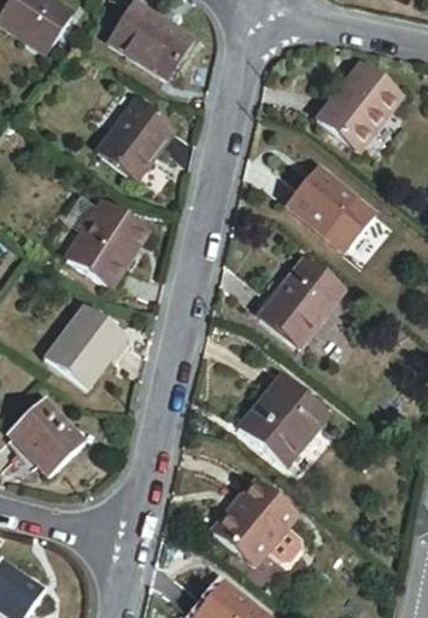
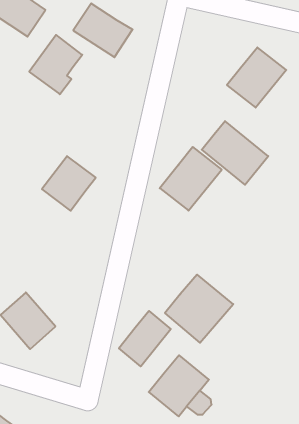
building: [98,100,169,180] -> [29,35,82,94]
building: [258,261,341,346] -> [160,147,222,211]
building: [48,308,127,389] -> none
building: none -> [119,311,171,366]

